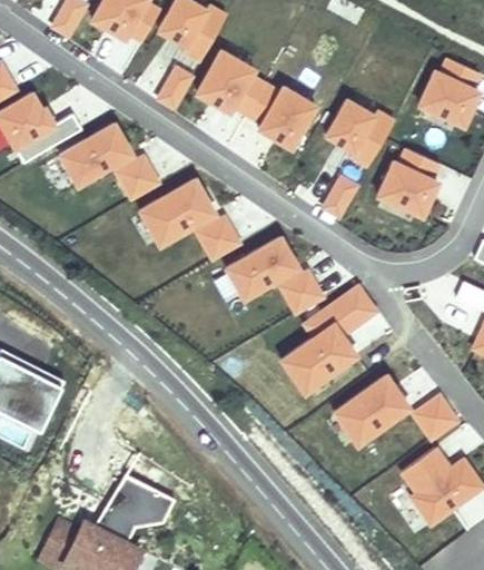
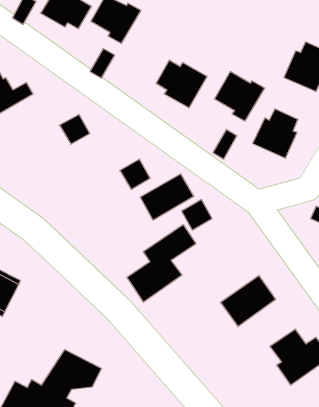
building: [197,51,265,115] -> none
building: [60,124,131,185] -> none
building: [140,179,215,245] -> none
building: [281,286,375,391] -> [127,225,196,302]
building: [413,394,456,438] -> none

